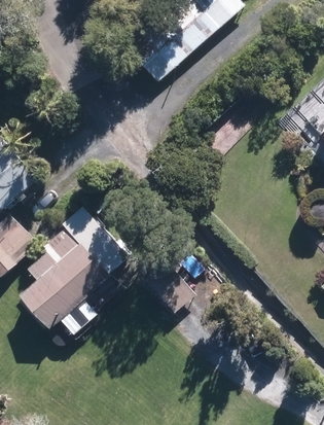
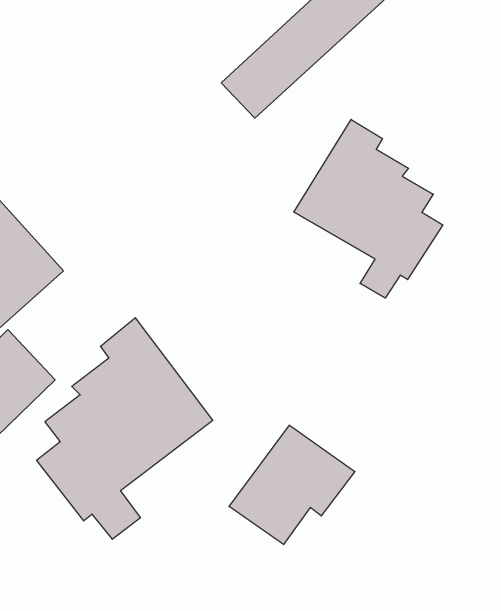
building: none -> [294,119,443,298]
building: none -> [229,425,355,545]

